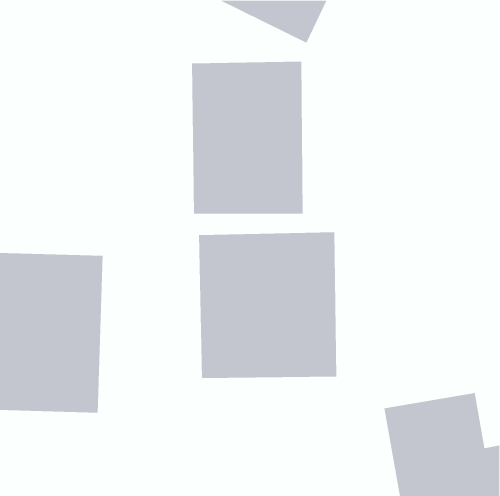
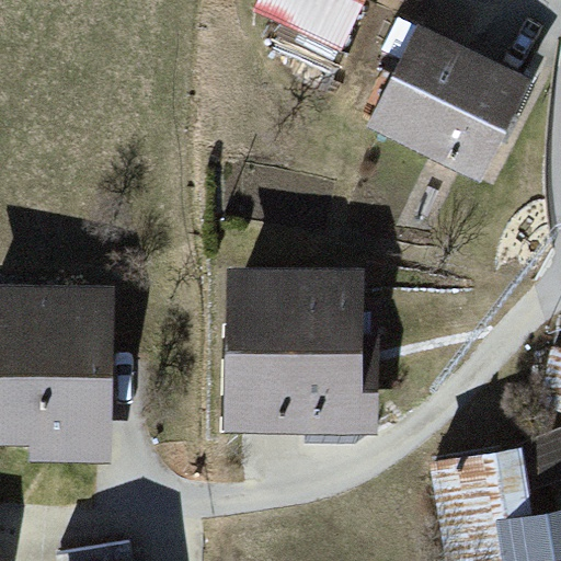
building: none -> [367,28,541,176]
building: [191,61,303,215] -> none

